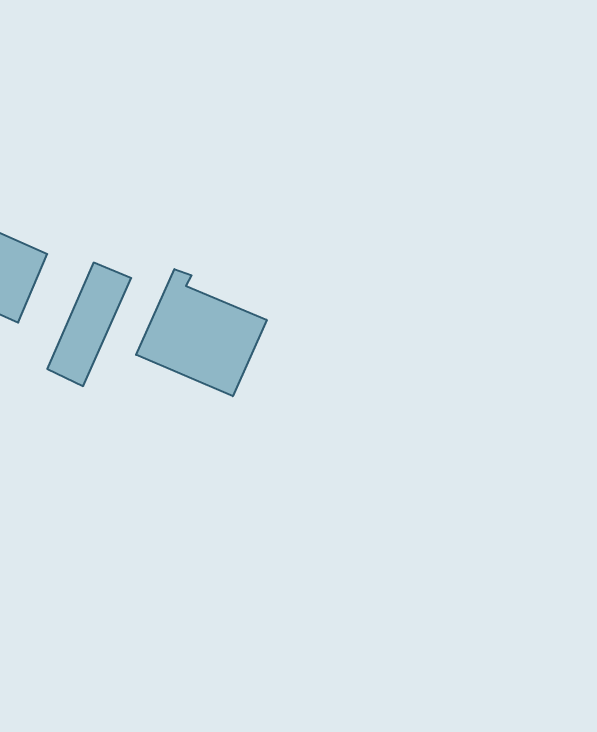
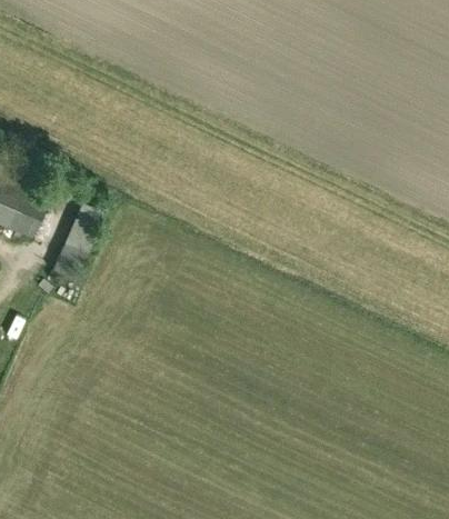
building: [136,269,267,396] -> none

